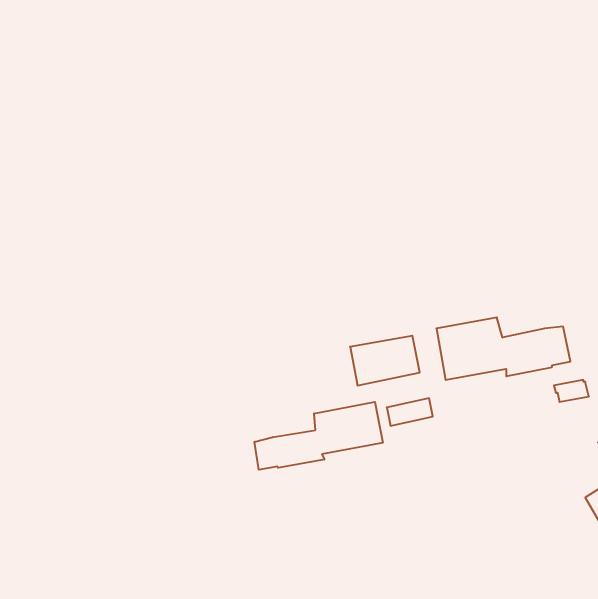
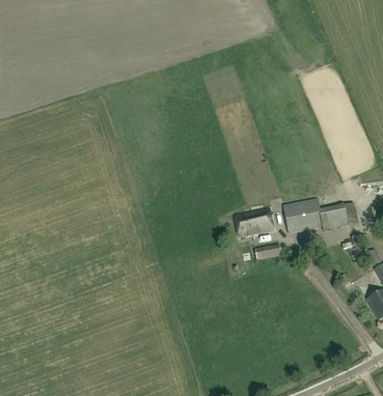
building: [255,402,383,470] -> none

